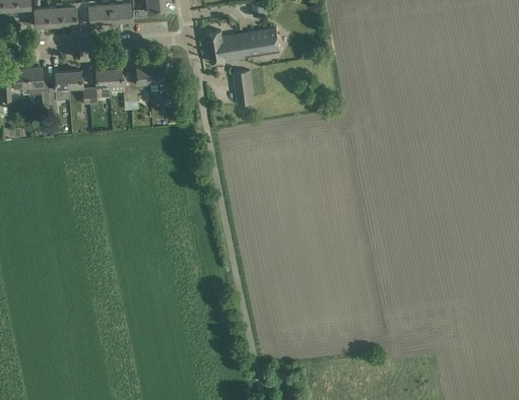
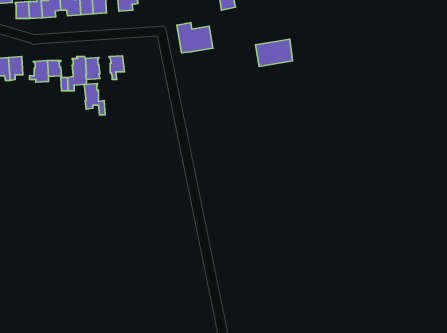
building: [242,28,281,58] -> [256,39,293,67]
building: [149,65,172,98] -> [84,83,105,115]
building: [235,71,255,106] -> none

